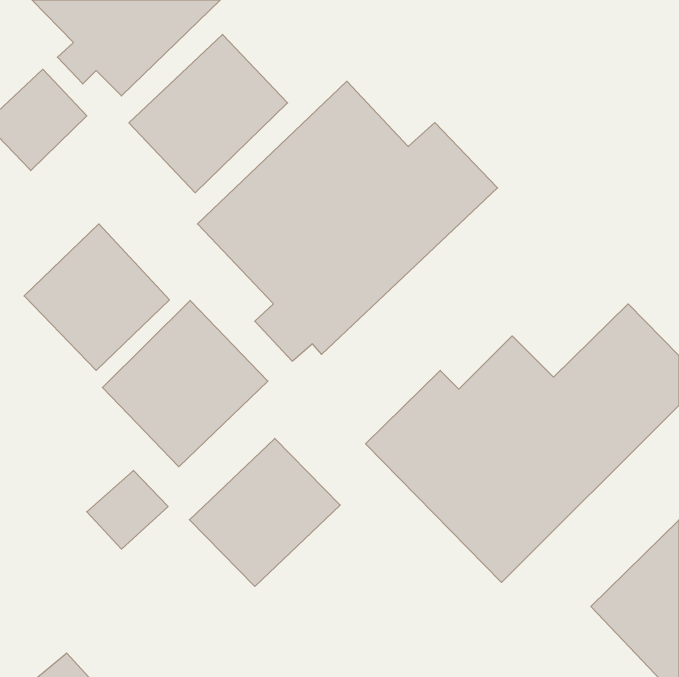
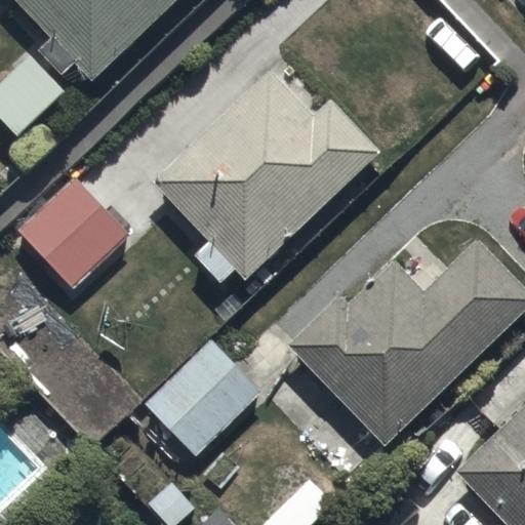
building: [129,34,288,193] -> none
building: [102,300,268,467] -> none

